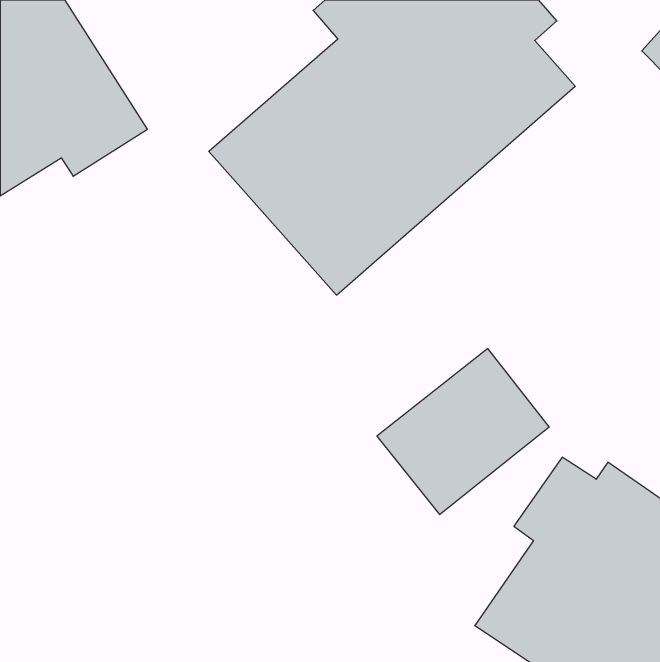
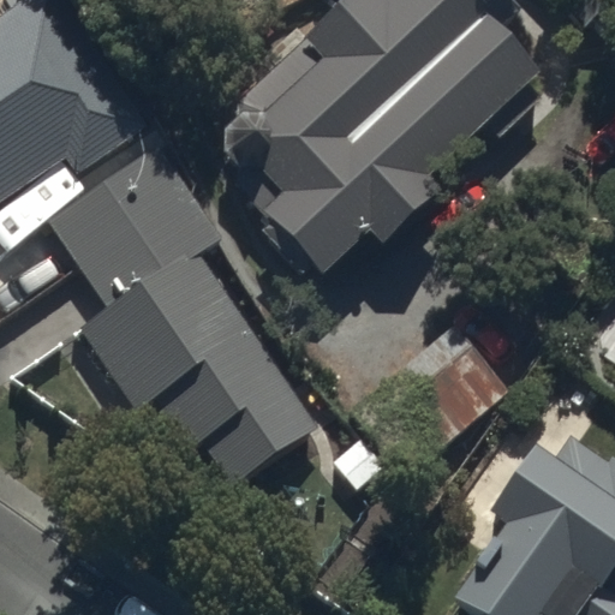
building: none -> [44,138,220,309]
building: none -> [85,259,315,492]

